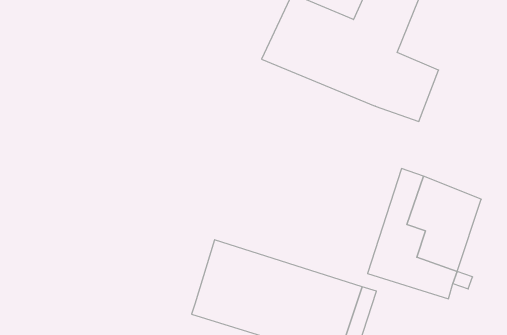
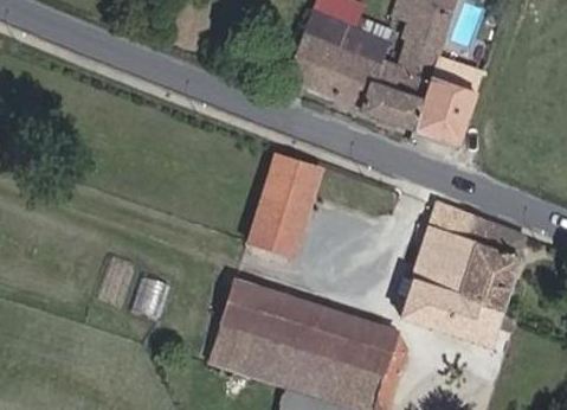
building: none -> [247,154,320,255]

